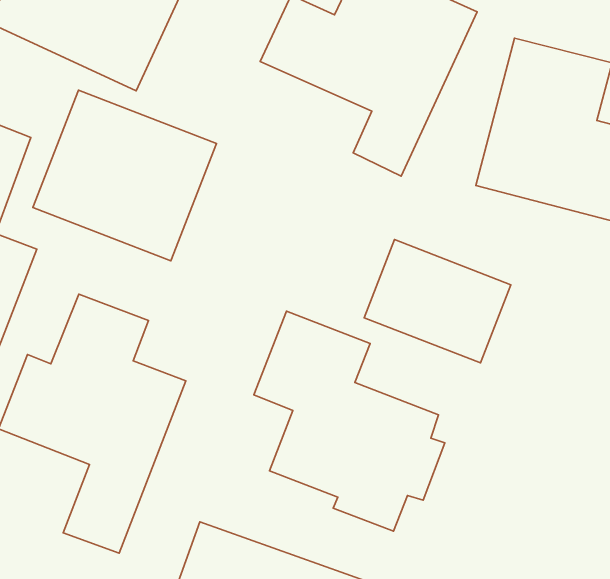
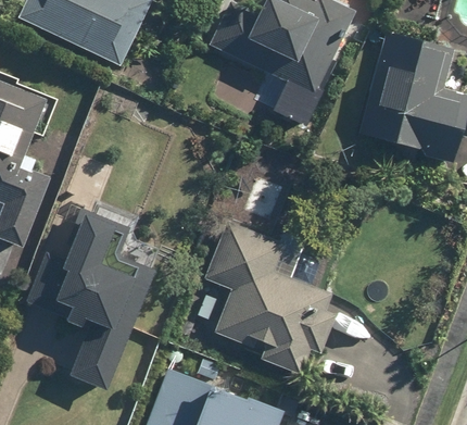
building: [33,90,216,261] -> none
building: [364,239,511,363] -> none

